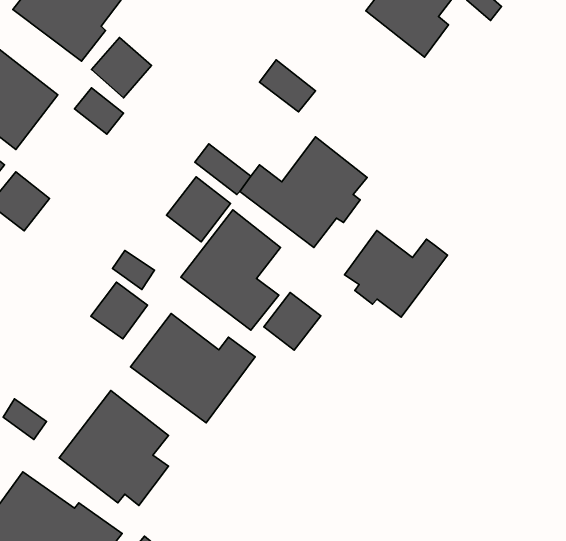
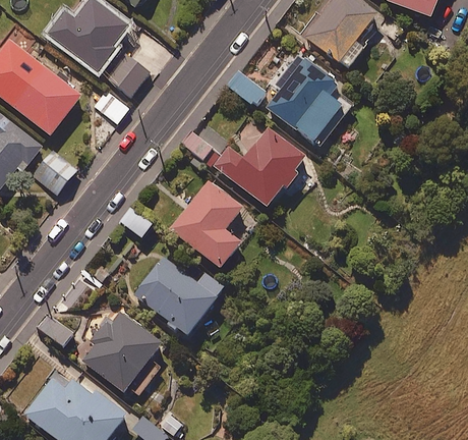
building: none -> [267,53,348,147]
building: [167,177,231,242] -> none
building: [345,230,448,317] -> none
building: [91,282,148,339] -> none
building: [264,292,321,350] -> none

